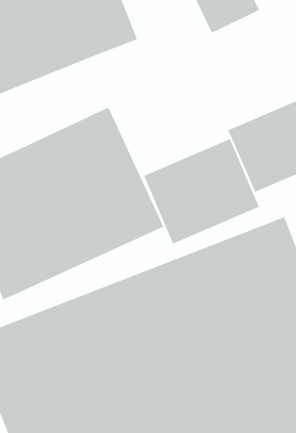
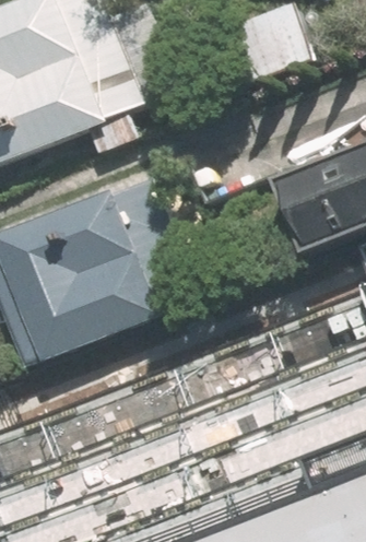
building: [144,138,259,244] -> none

